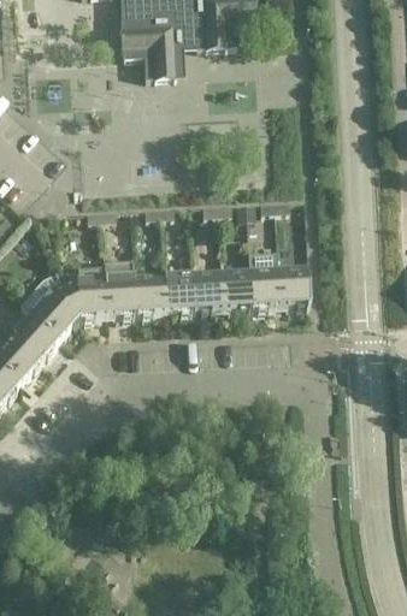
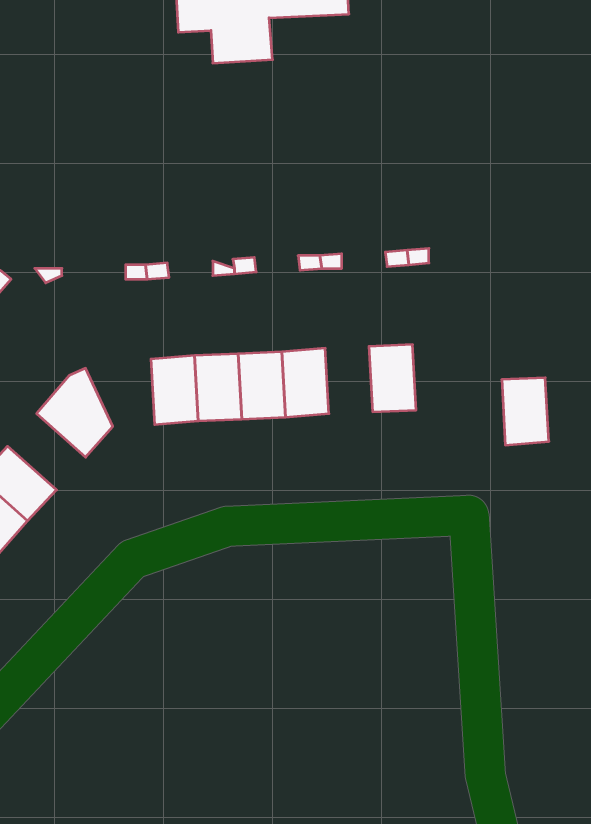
building: [277,263,308,308] -> [502,378,549,445]
building: [60,265,106,319] -> none
building: [219,266,250,310] -> none
building: [8,310,60,361] -> none

